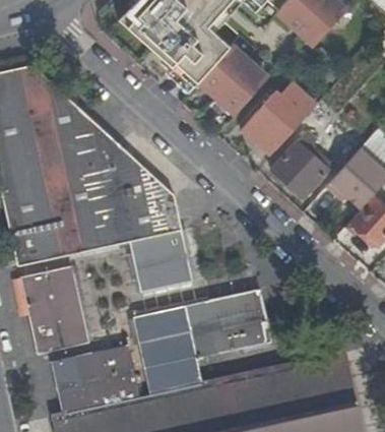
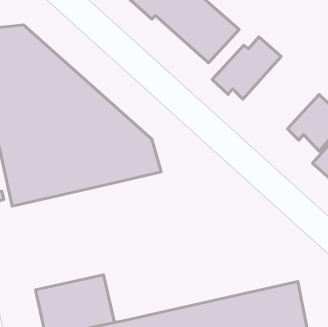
building: [271,141,329,198] -> none
building: [135,231,198,295] -> none
building: [16,266,85,354] -> none
building: [131,289,269,393] -> none

